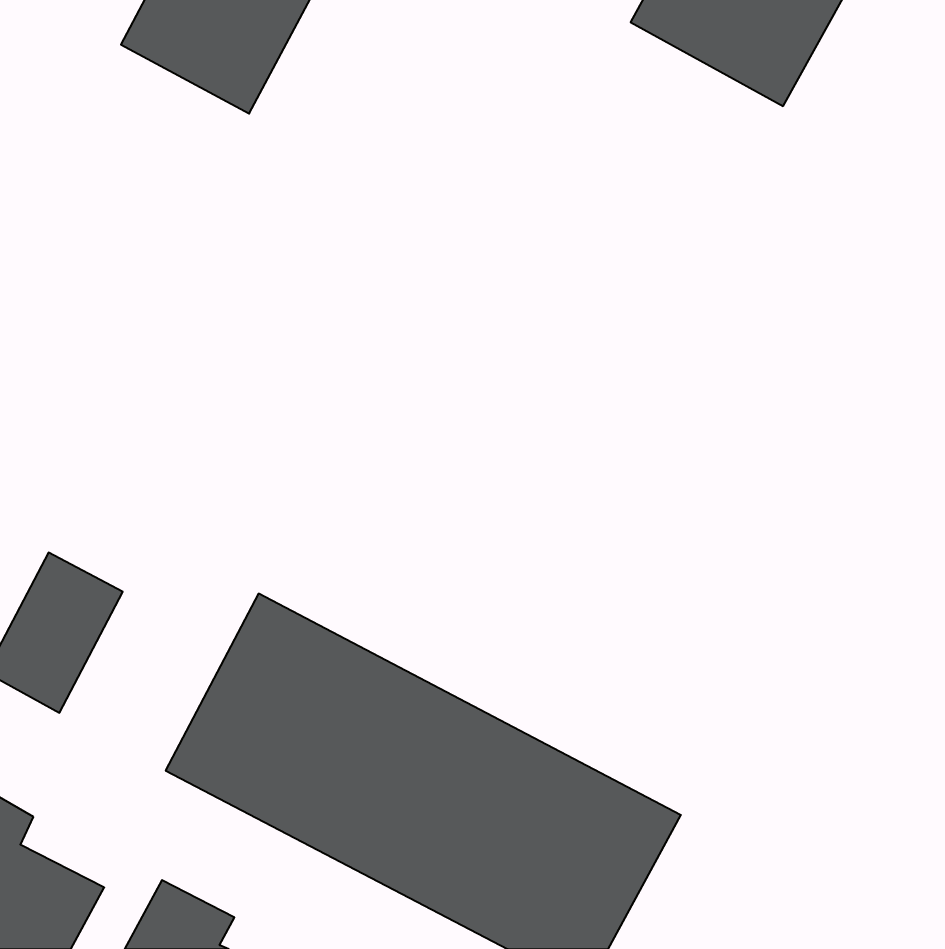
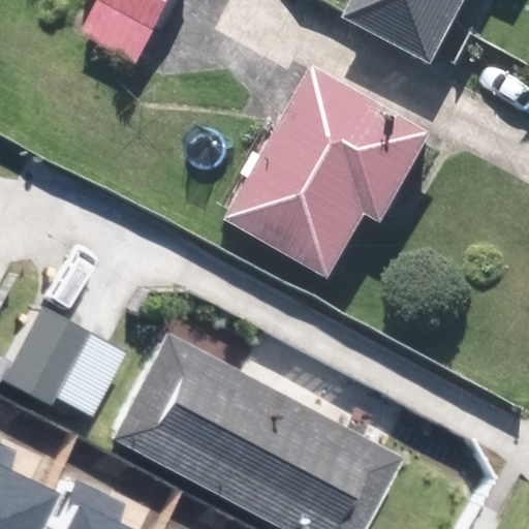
building: none -> [235,74,435,275]

